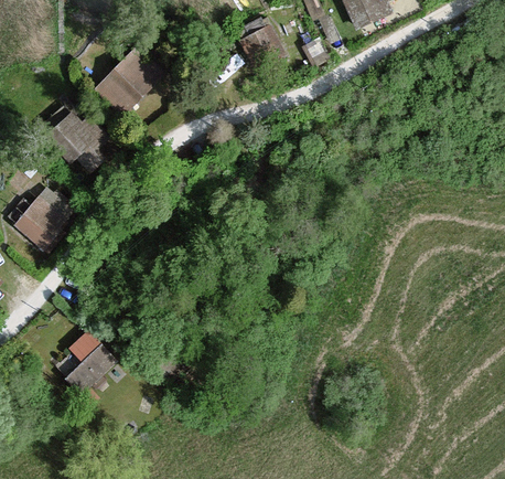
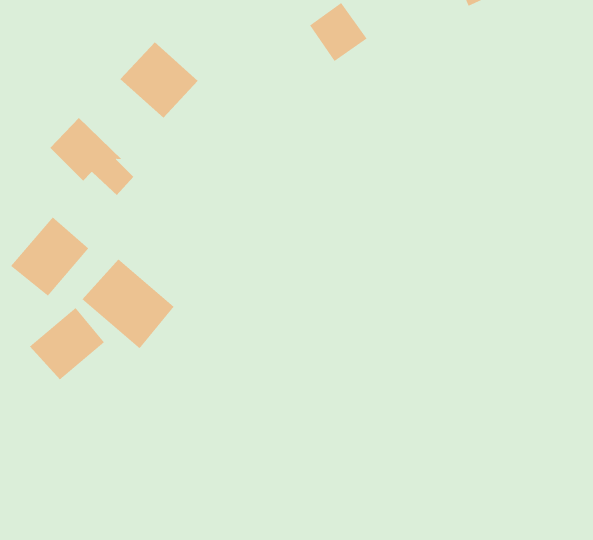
building: none -> [81,258,175,349]
building: [55,333,112,388] -> [29,307,105,380]

